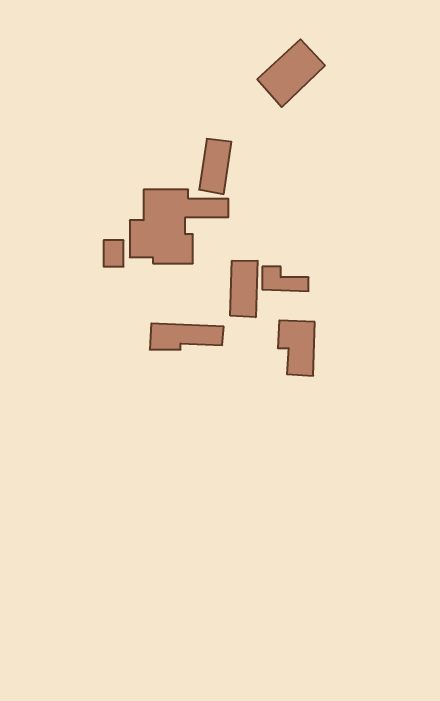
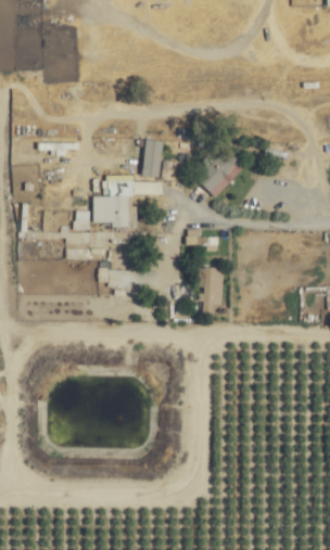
building: [257,39,325,107] -> [195,149,243,196]
building: [230,261,258,317] -> none

